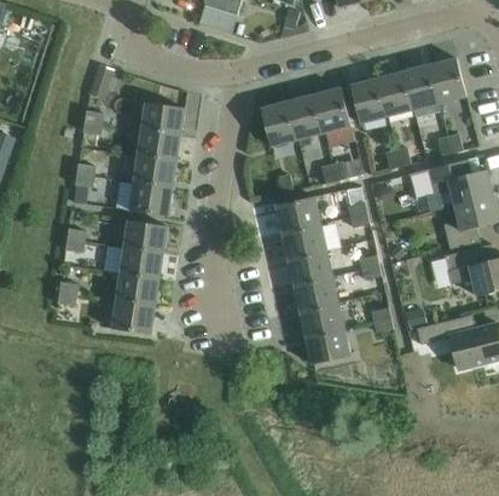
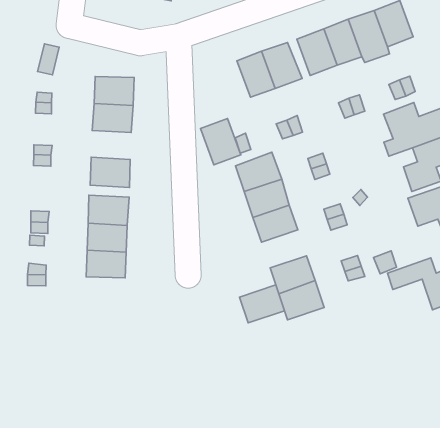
building: [260,102,297,146] -> [201,119,241,165]
building: [133,156,175,189] -> none
building: [294,276,337,311] -> [239,285,285,323]
building: [111,301,155,335] -> none

